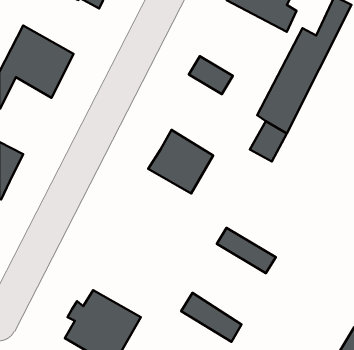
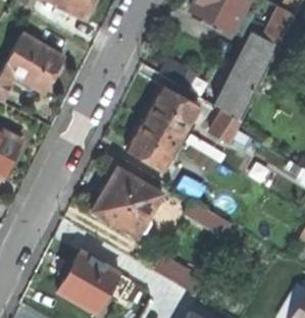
building: none -> [146,87,200,140]
building: none -> [93,168,162,236]

